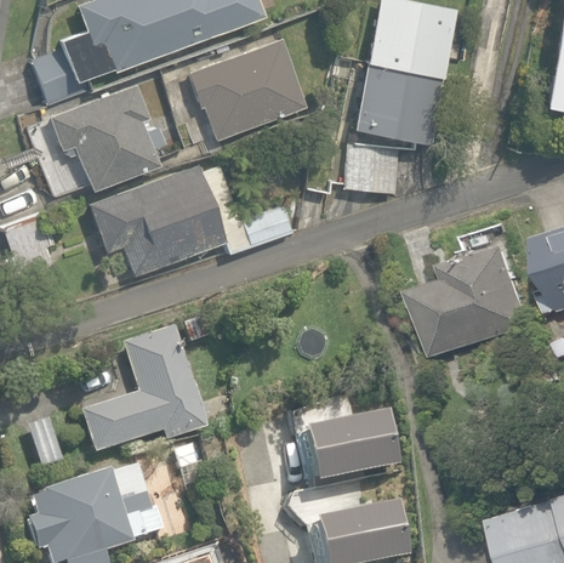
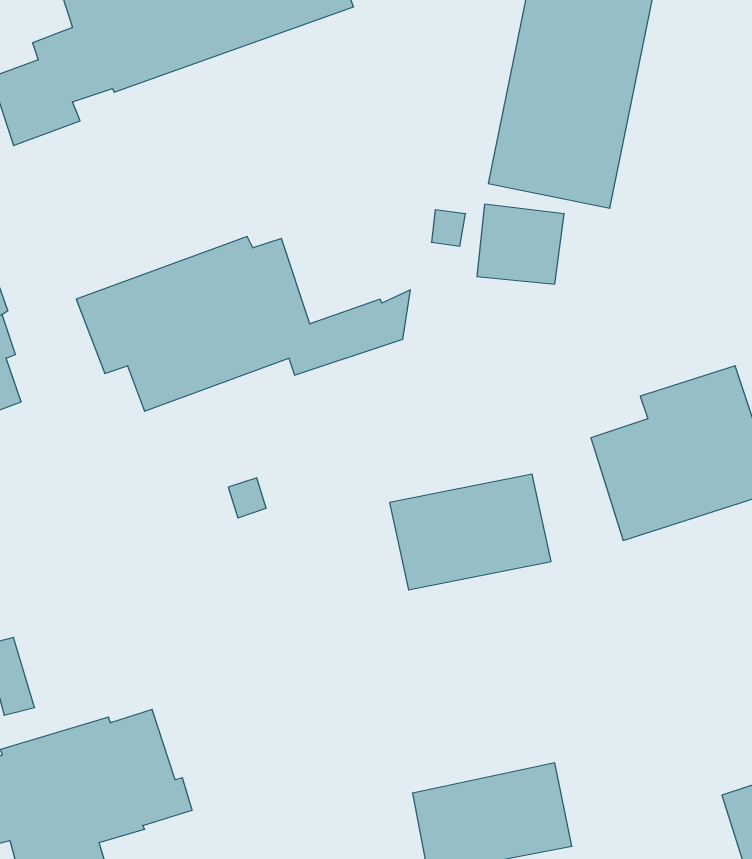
building: [189,39,309,140] -> none
building: [51,84,164,188] -> none
building: [82,328,209,454] -> none
building: [292,409,395,483] -> [390,474,551,590]

